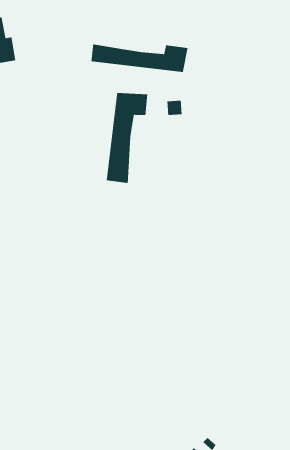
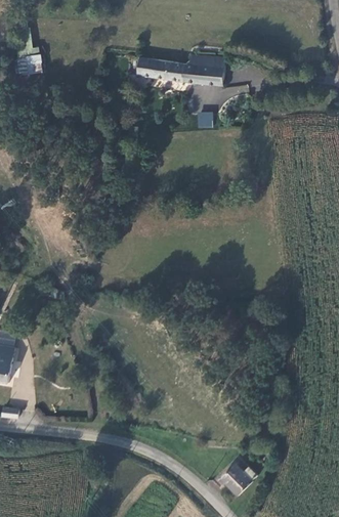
building: [106,92,148,184] -> none

